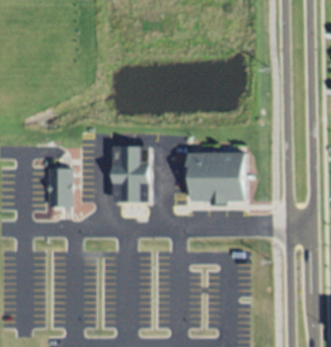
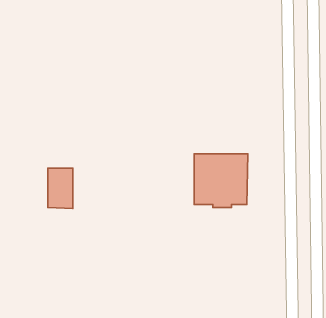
building: [111,149,148,203] -> none

